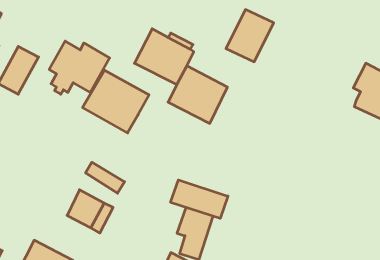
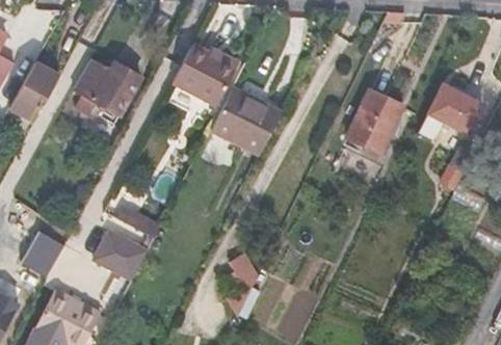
building: [226,10,274,62] -> [347,90,403,152]
building: [83,70,149,133] -> none
building: [171,180,228,218] -> none
building: none -> [21,233,63,278]

